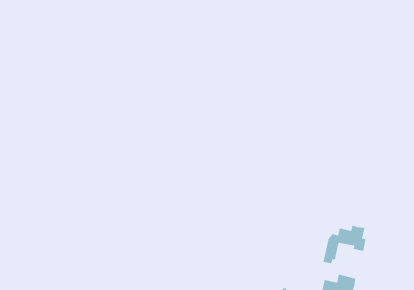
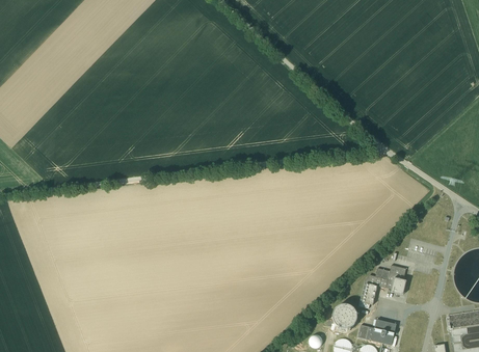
building: none -> [332,302,357,326]

